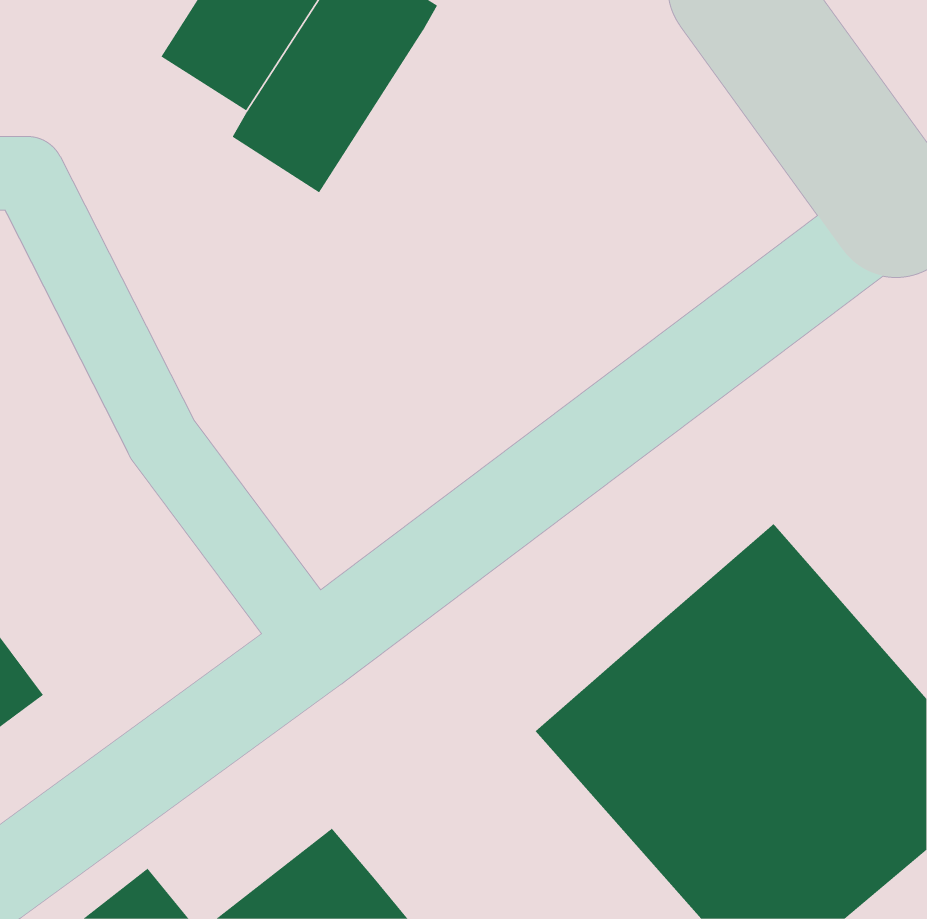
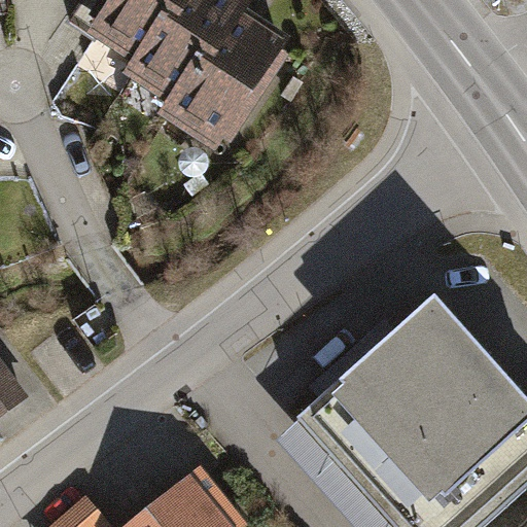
building: none -> [172,17,287,153]

